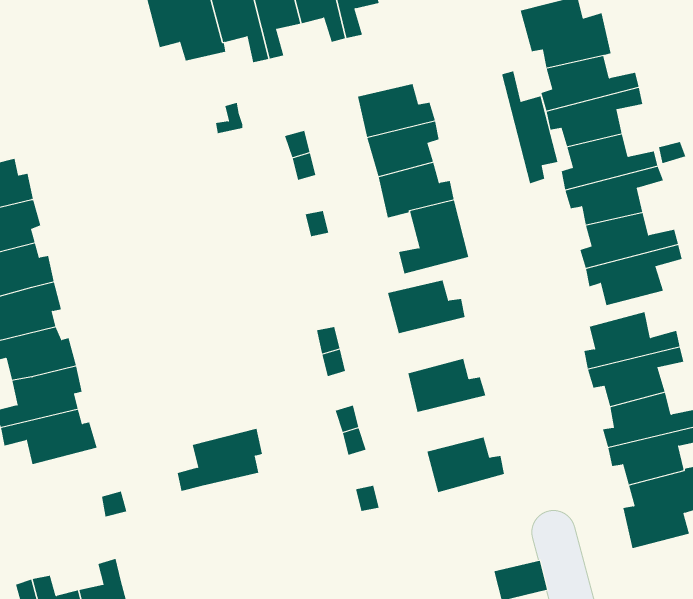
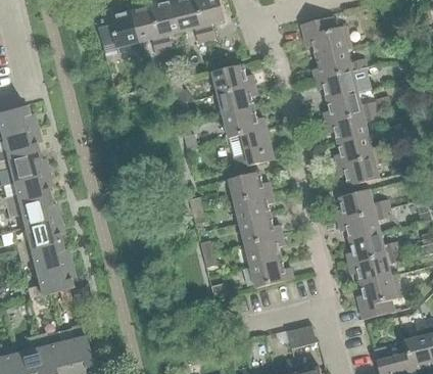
building: [501,71,558,184] -> none
building: none -> [234,192,274,223]
building: none -> [244,235,284,266]
building: [177,428,263,492] -> [26,264,73,298]

